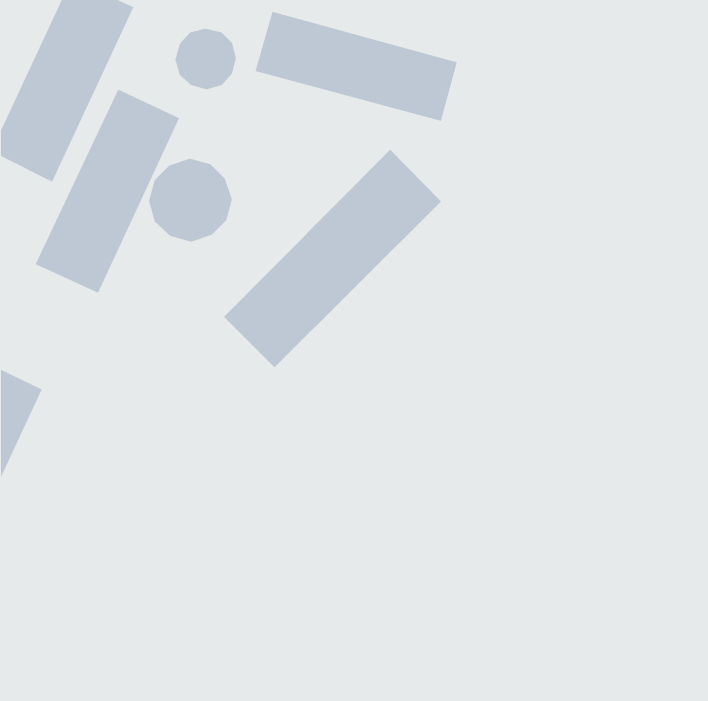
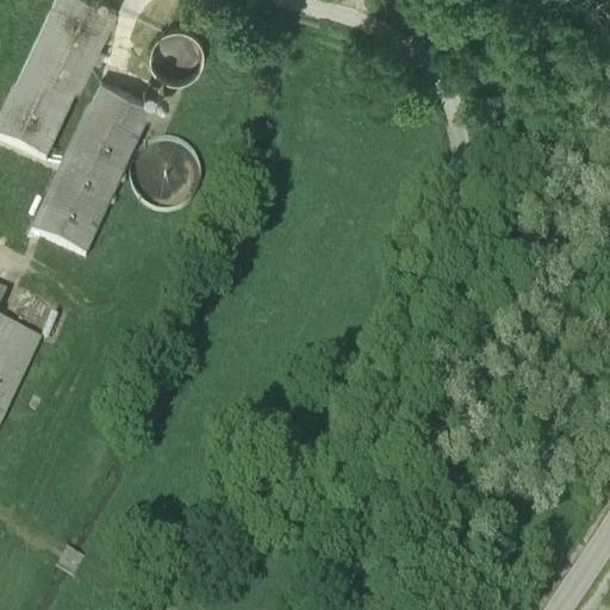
building: [255,11,458,122] -> none
building: [223,149,442,368] -> none

